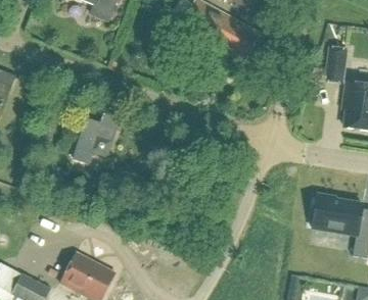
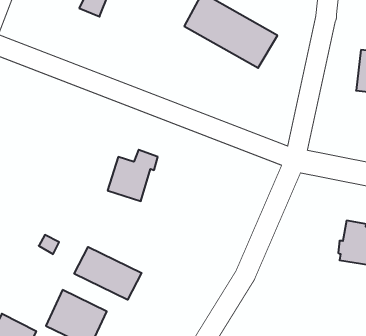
building: [75,110,118,154] -> [108,150,158,201]
building: none -> [74,247,142,300]

